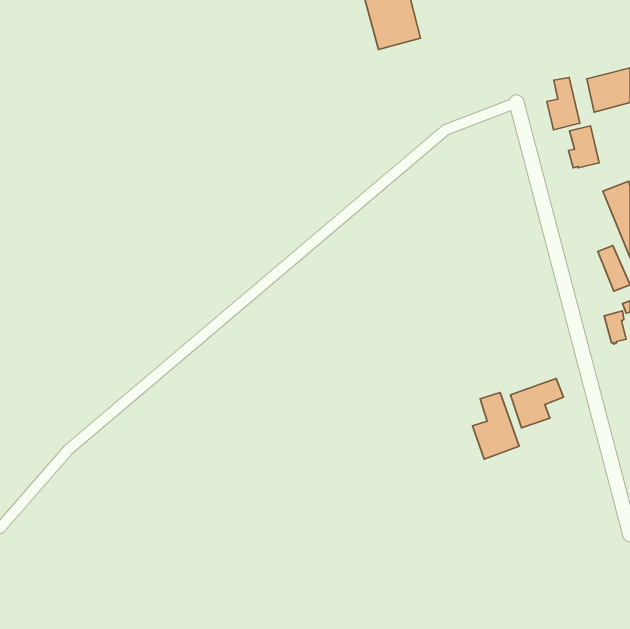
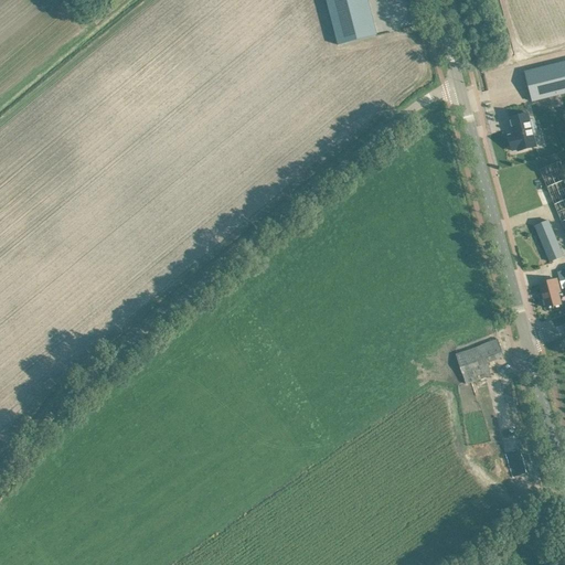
building: [547,77,580,130] -> none
building: [473,393,519,459] -> none

